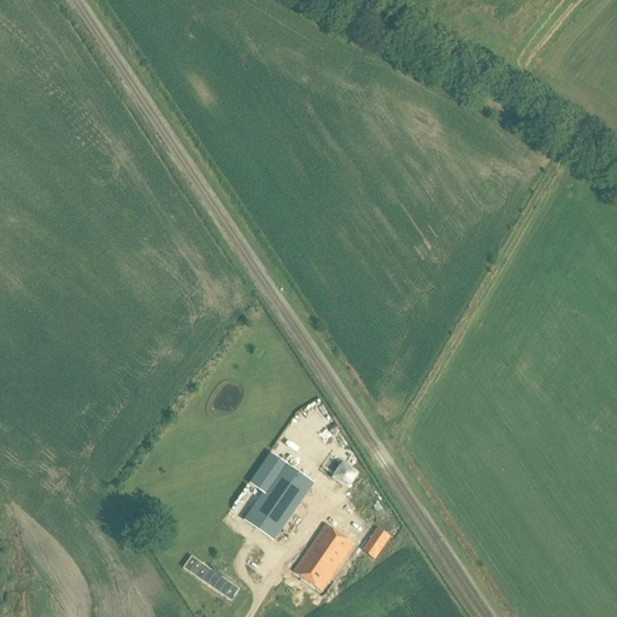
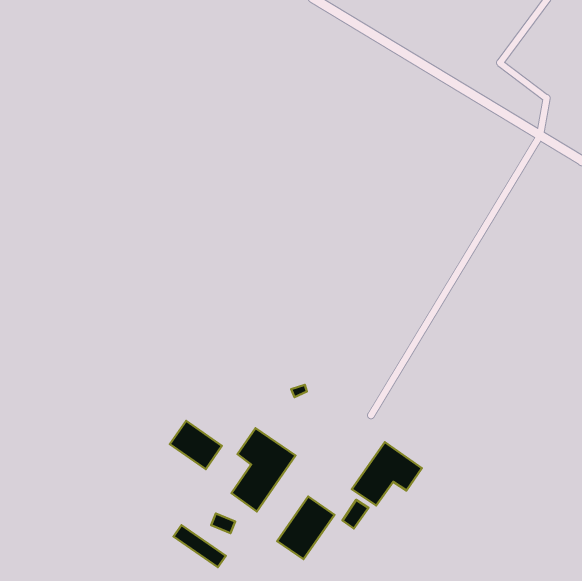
building: none -> [170,421,222,469]
building: none -> [352,442,422,505]

